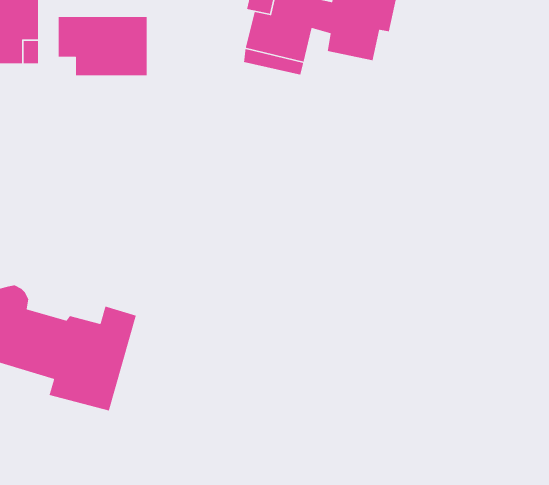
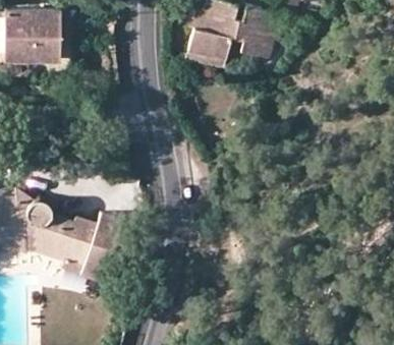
building: [58,16,147,76] -> none

